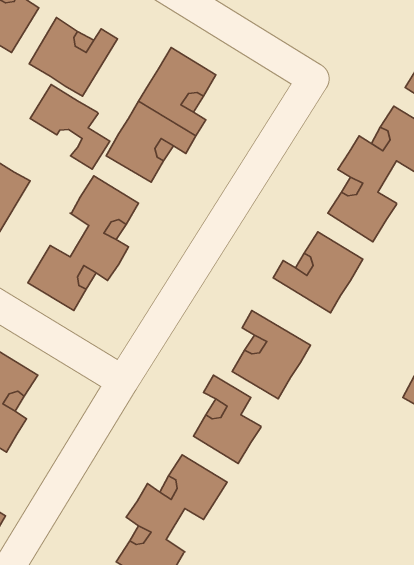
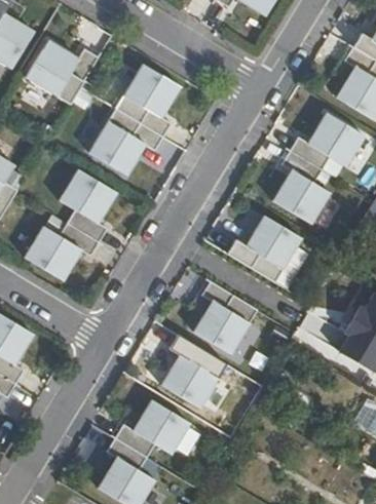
building: [30,84,110,169] -> none

